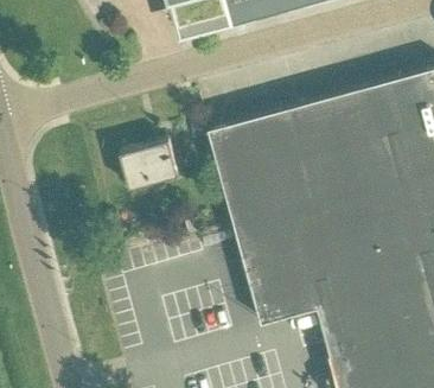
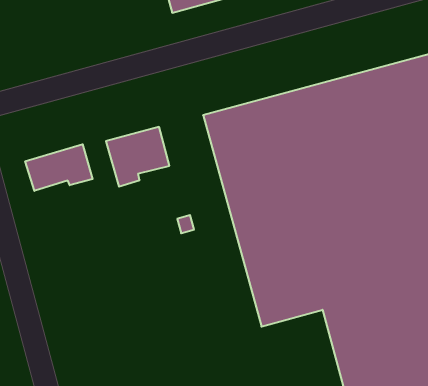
building: none -> [25,144,93,191]

